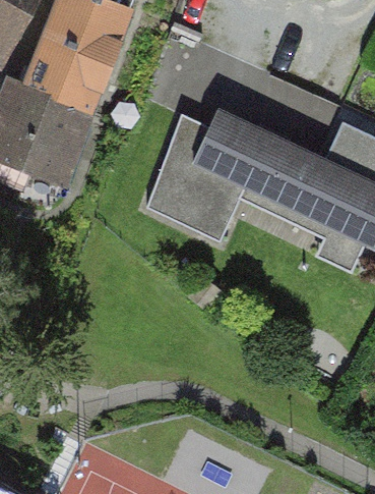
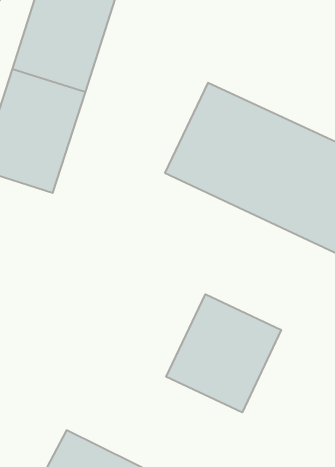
building: none -> [166,294,281,412]

